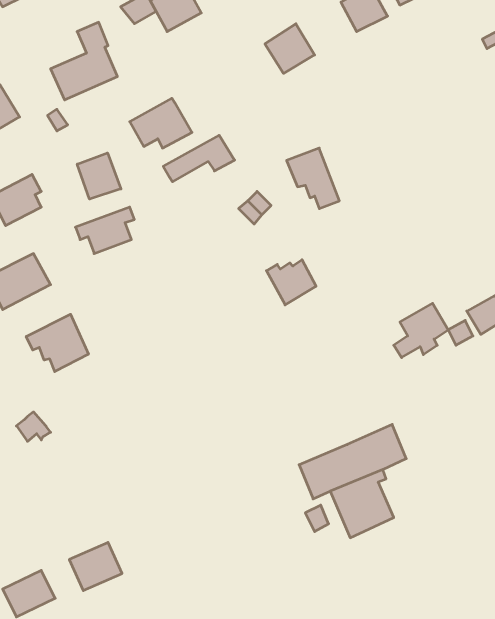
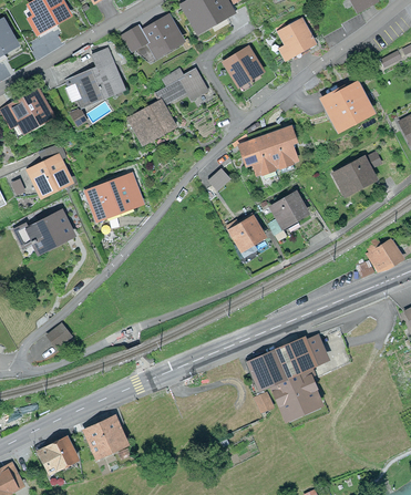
building: none -> [325,84,371,123]
building: [163,135,235,182] -> [155,71,206,104]
building: none -> [265,127,295,174]
building: [77,153,121,199] -> none
building: none -> [335,156,374,189]
building: [394,303,448,358] -> [268,193,307,231]
building: [26,314,88,372] -> none

